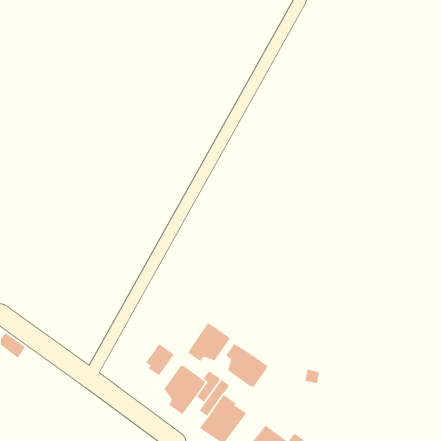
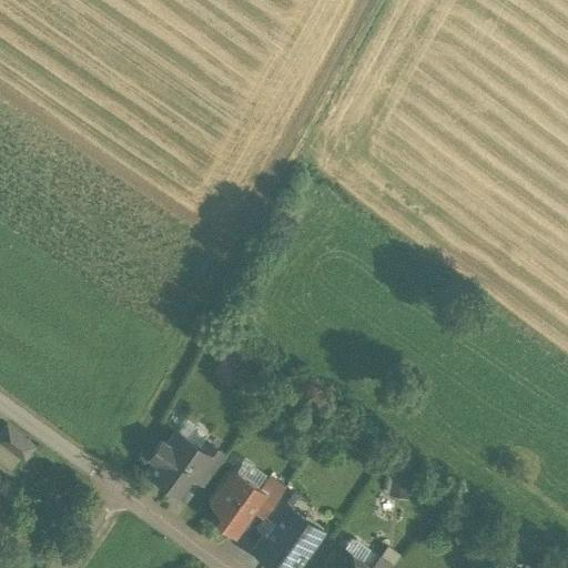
building: [187,322,230,362] -> none
building: none -> [149,432,200,491]
building: [225,343,269,388] -> none

